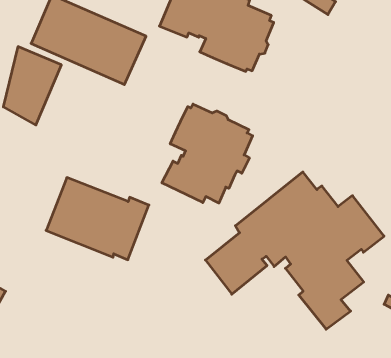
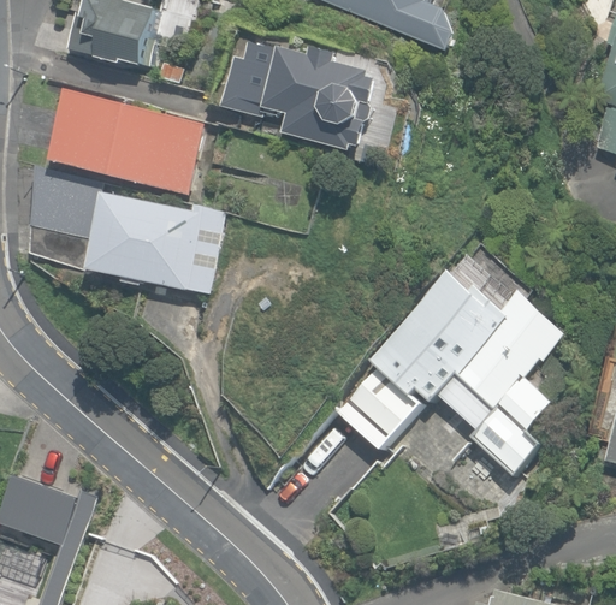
building: [162,104,253,203] -> none
building: [46,178,149,260] -> [90,192,223,289]

